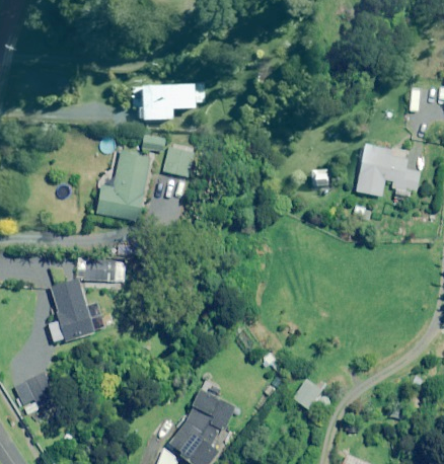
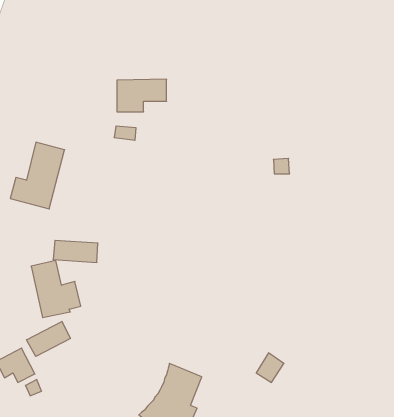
building: [355,144,420,197] -> none
building: [164,145,192,174] -> none
building: [94,150,152,221] -> [10,142,65,209]
building: none -> [27,321,70,356]

